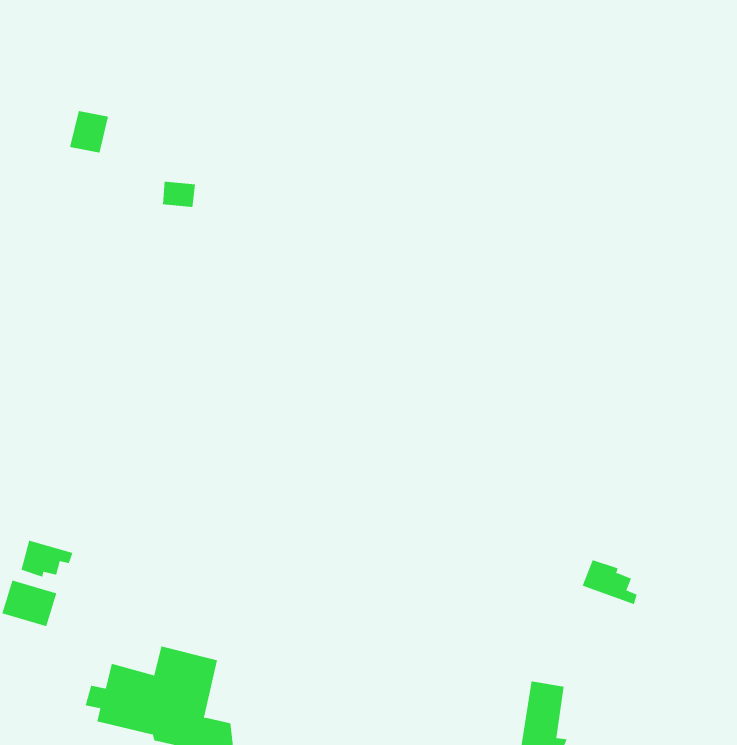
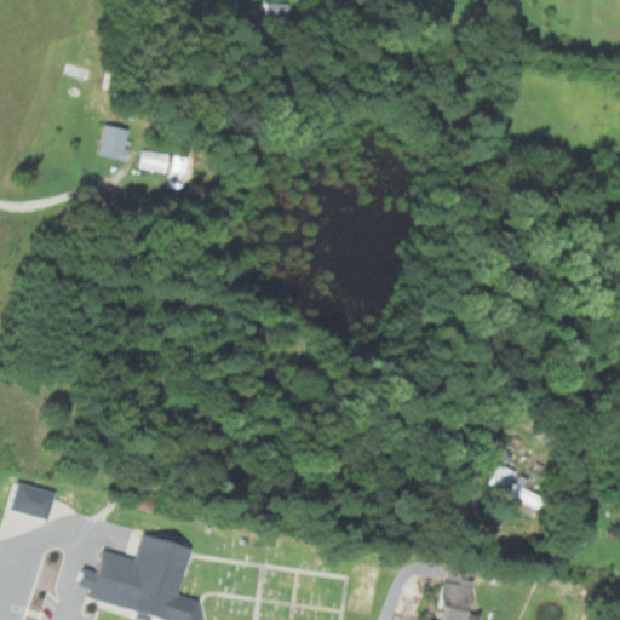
building: [69,111,109,153] -> [99,127,132,162]
building: [21,540,73,577] -> none

